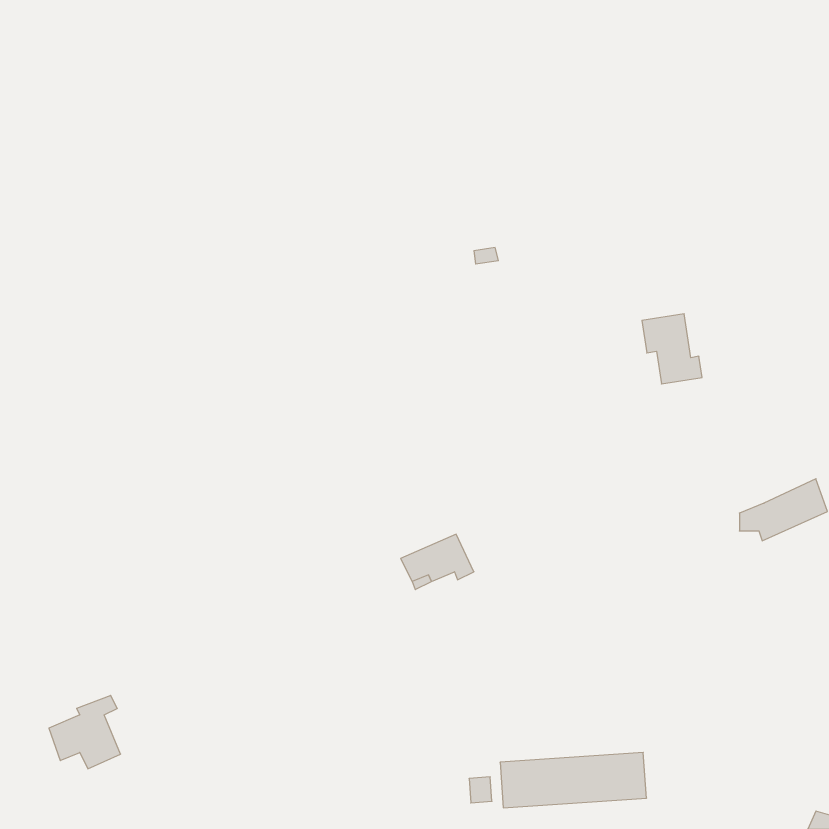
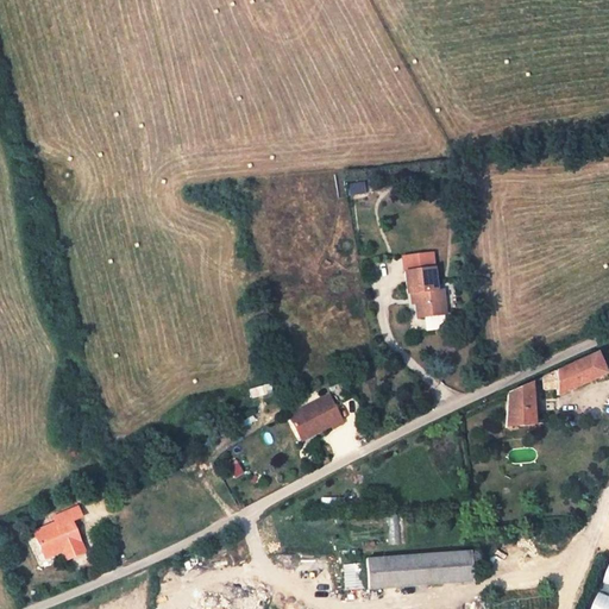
building: [642,314,702,384] -> [401,259,445,310]
building: none -> [507,379,533,426]

